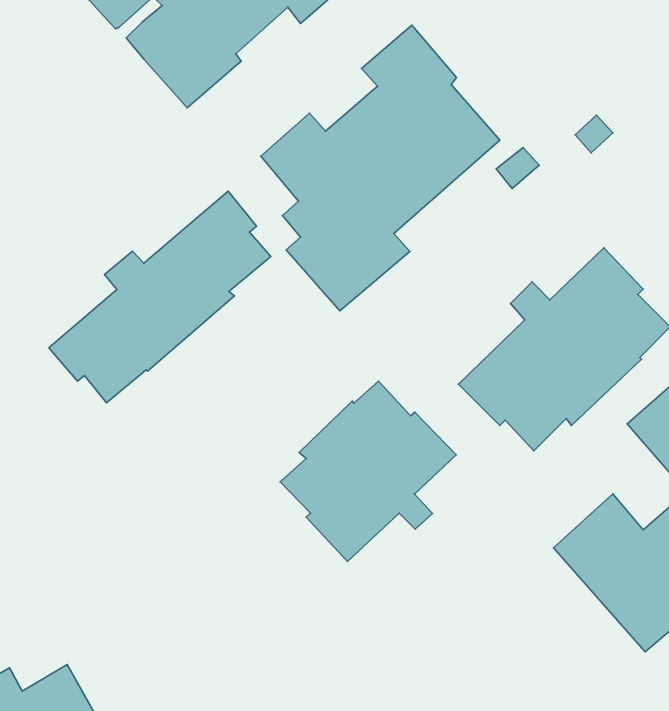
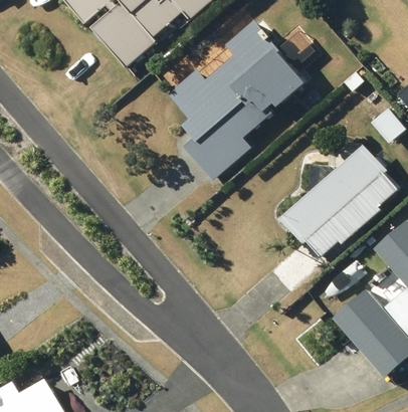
building: [49,191,271,403] -> none
building: [280,381,456,562] -> none

